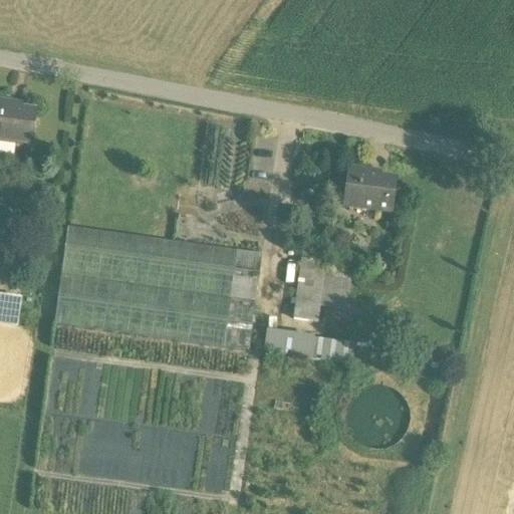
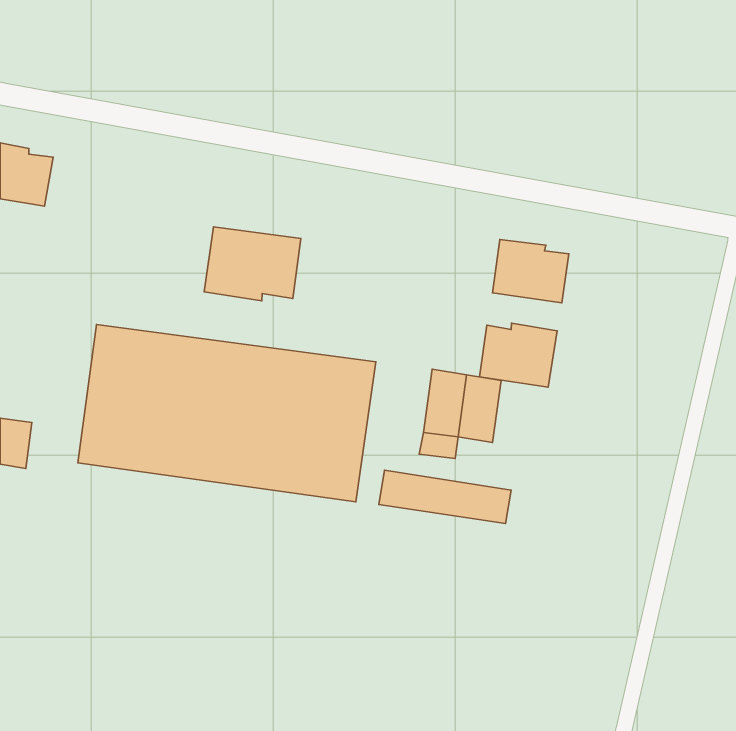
building: none -> [204,227,301,301]
building: none -> [479,323,557,387]

